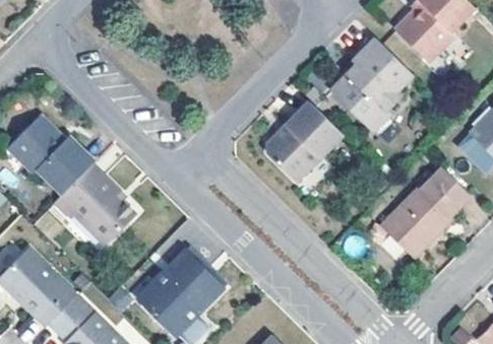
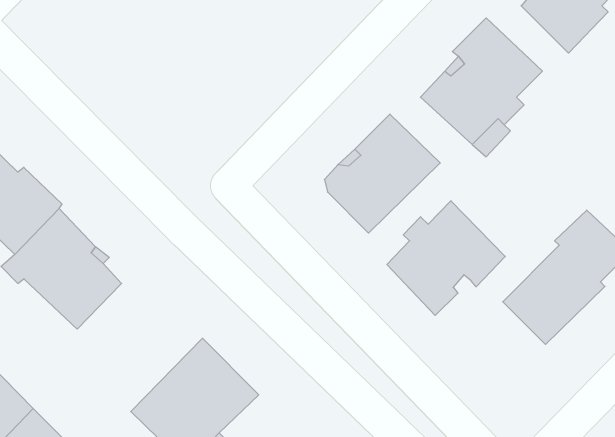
building: none -> [387,201,505,315]

